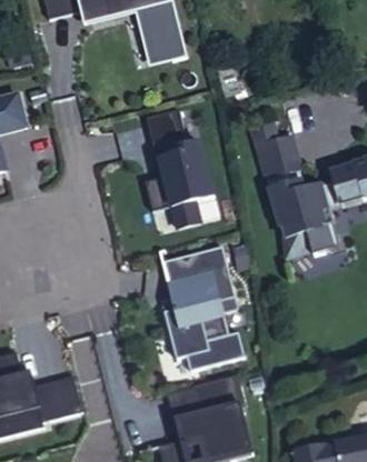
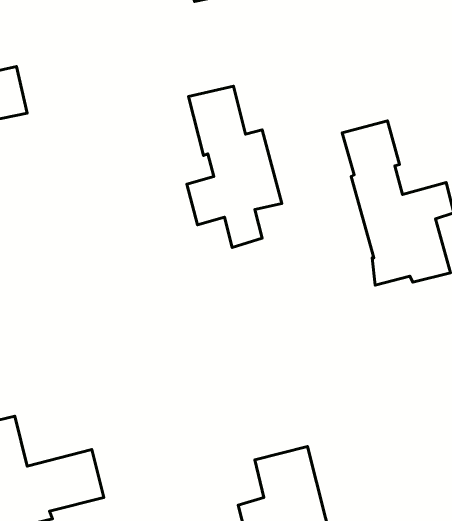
building: [162,247,242,370] -> none

